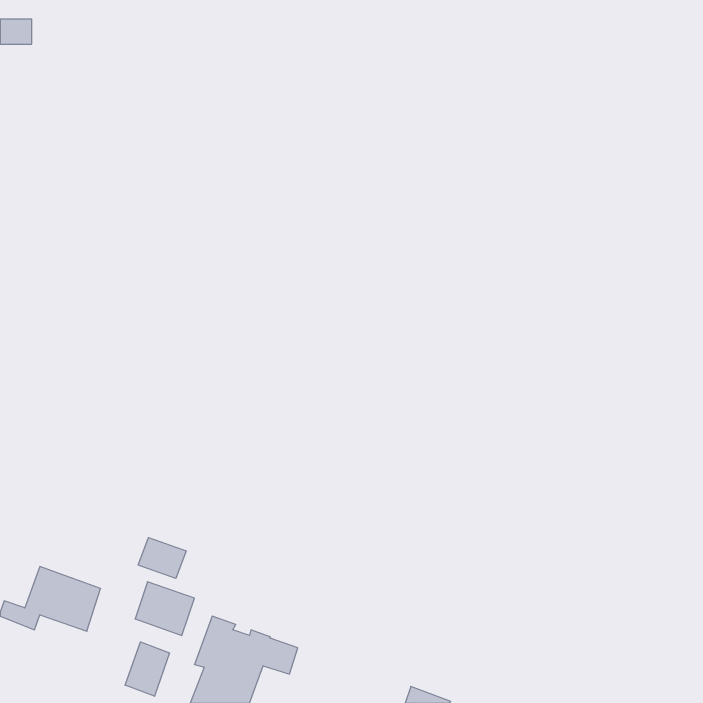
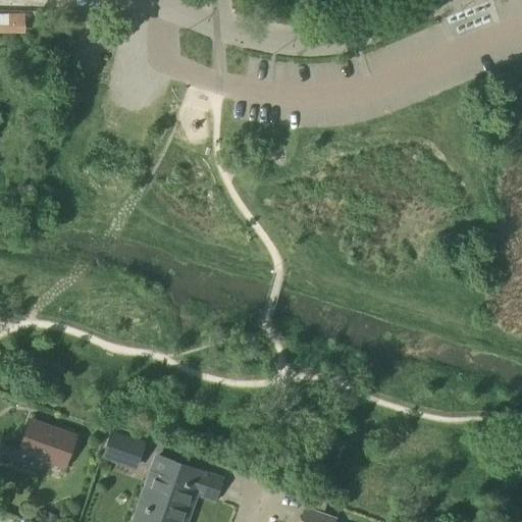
building: [138,538,186,578] -> none
building: [125,642,170,696] -> none

